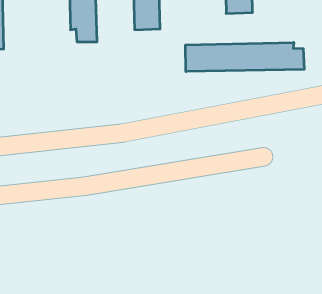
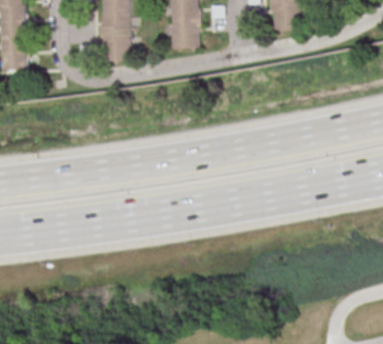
building: [186,42,304,72] -> none

